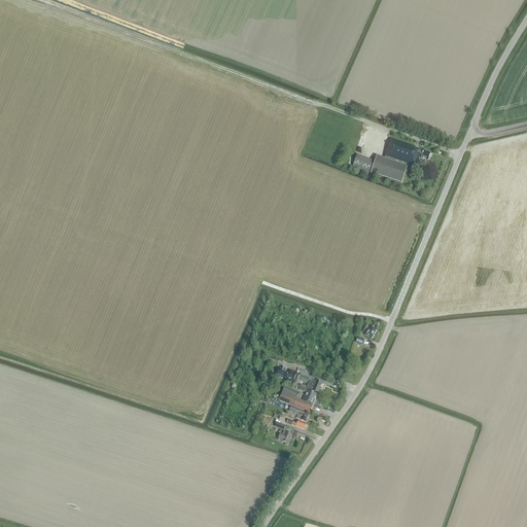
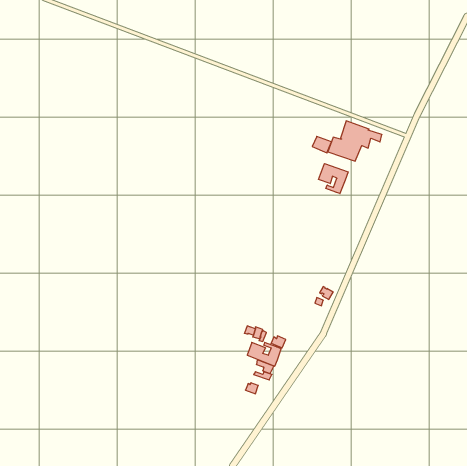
building: none -> [318,164,348,194]

